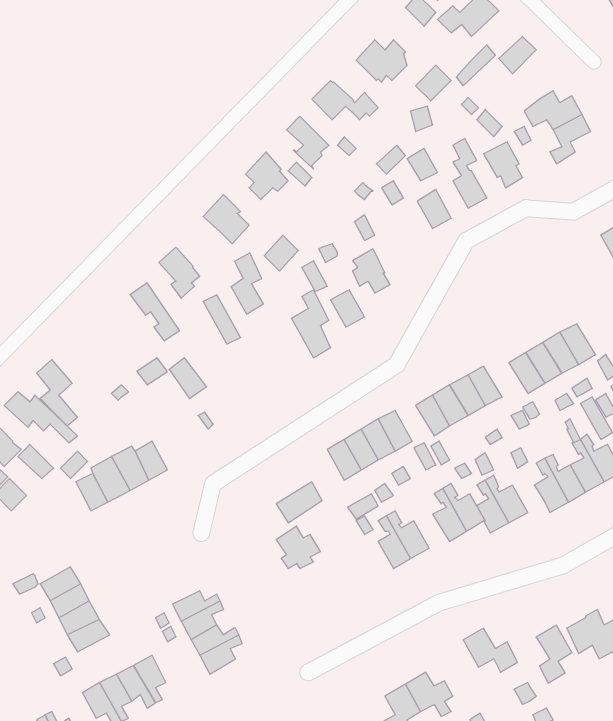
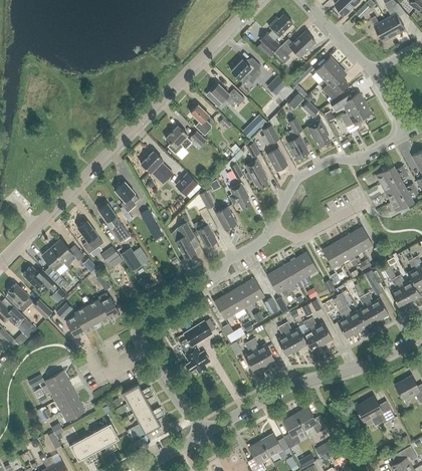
building: none -> [323,65,348,99]
building: none -> [245,160,268,188]
building: [231,253,263,314] -> [176,222,195,258]
building: none -> [77,221,102,253]
building: none -> [51,240,83,267]
building: [536,625,572,683] -> [282,414,303,448]

